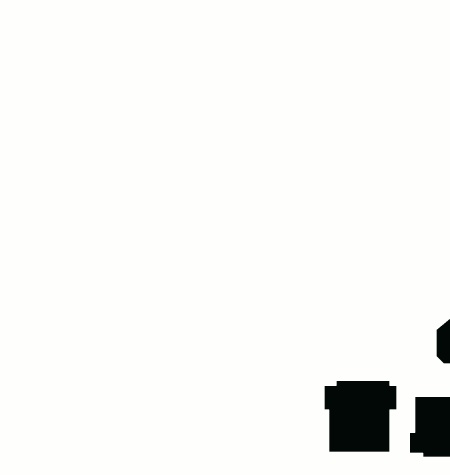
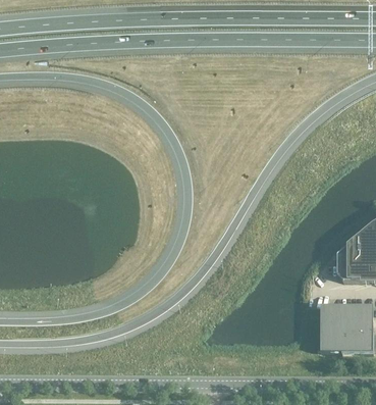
building: [324,380,397,452] -> none

